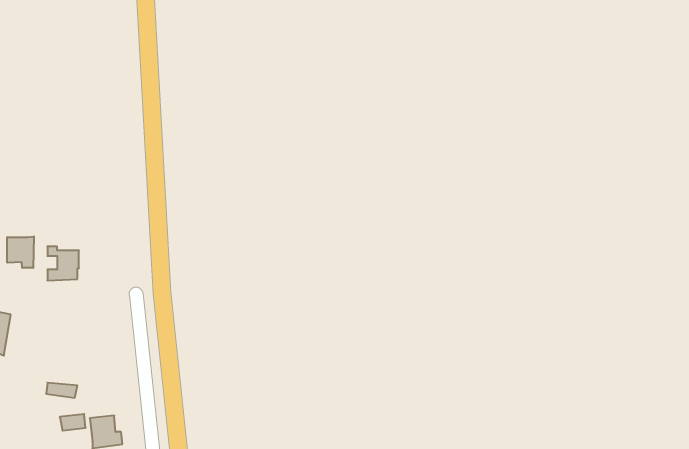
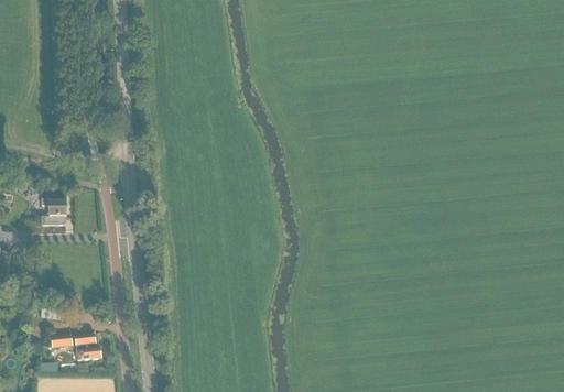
building: [7,236,34,268] -> none

